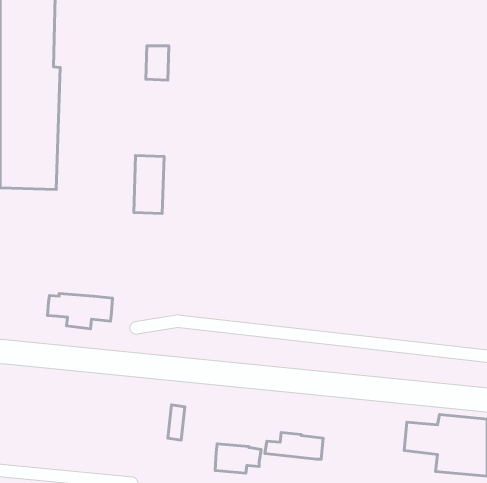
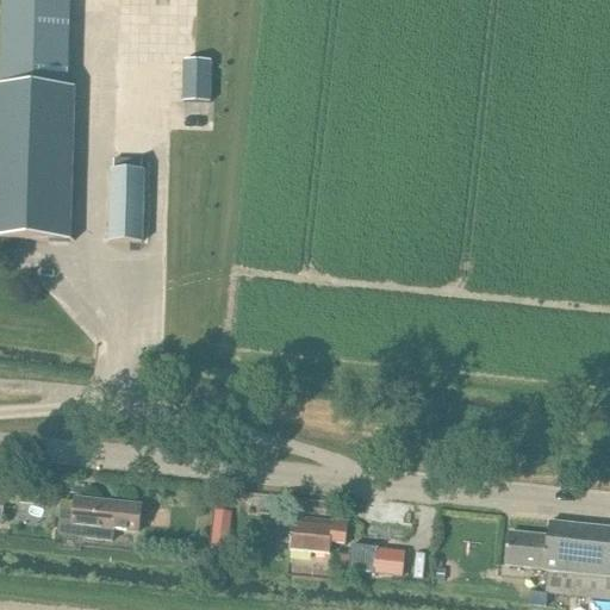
building: [134,155,164,214] -> [107,167,145,239]
building: [48,293,112,329] -> [60,494,141,539]
building: [215,444,261,473] -> [291,512,348,549]

